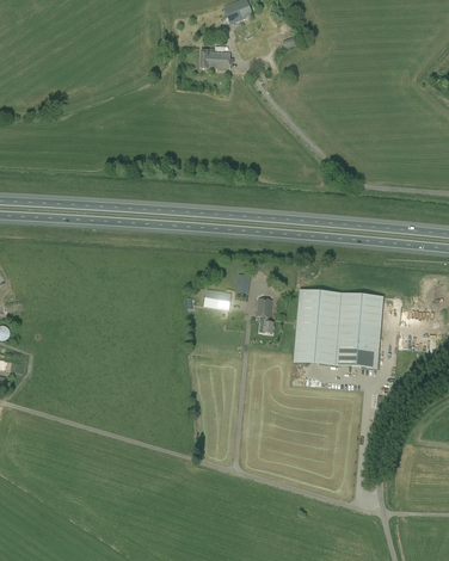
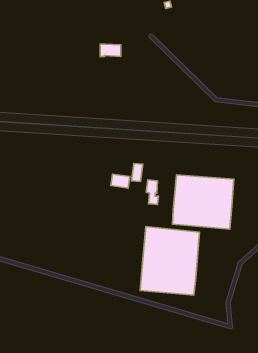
building: [201,49,230,67] -> [100,44,121,56]
building: none -> [140,227,199,295]

